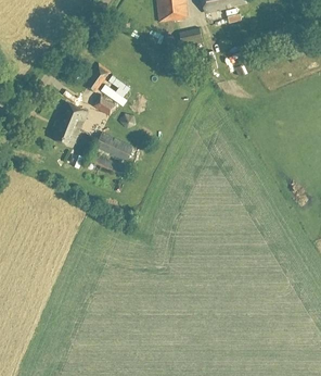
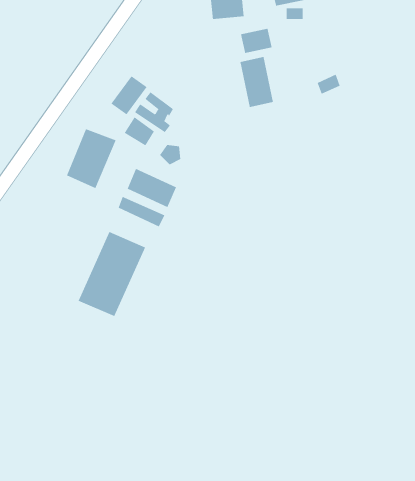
building: none -> [240,56,274,108]
building: none -> [78,231,146,317]

